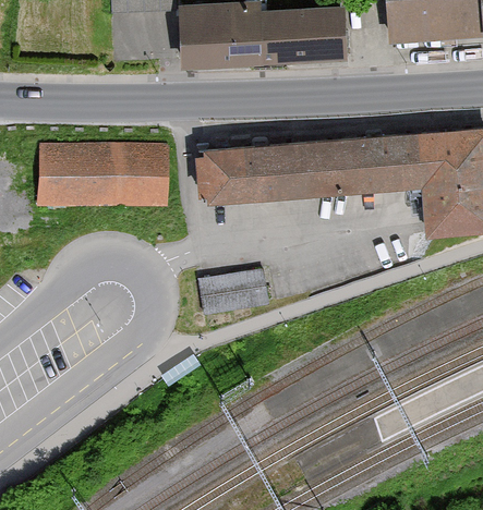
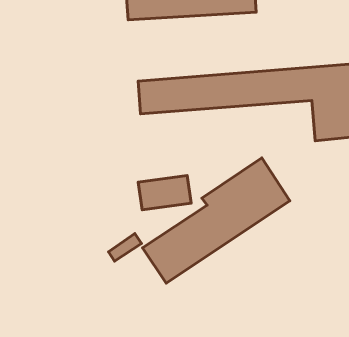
building: [36,146,167,208] -> none
building: none -> [143,158,290,283]

